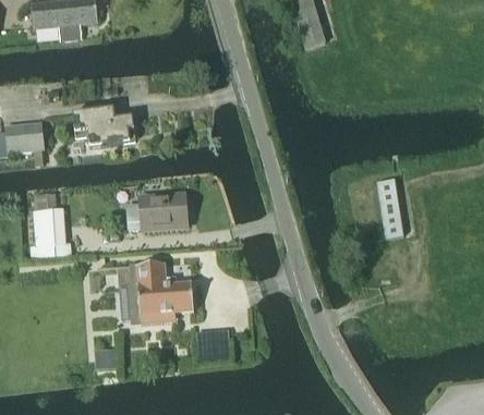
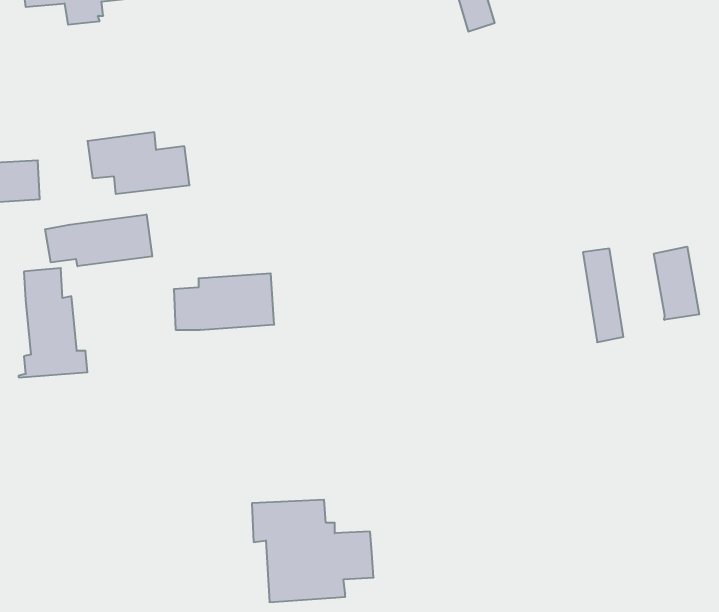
building: none -> [45,214,152,266]
building: none -> [654,247,699,320]
building: [118,263,193,326] -> [252,500,374,602]

